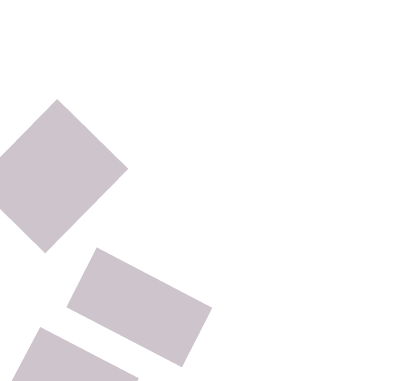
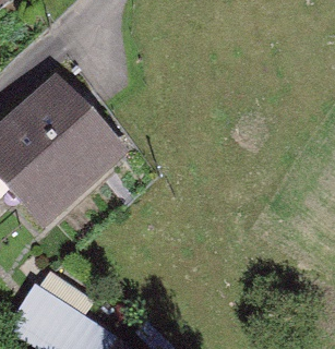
building: [65,247,213,368] -> none

